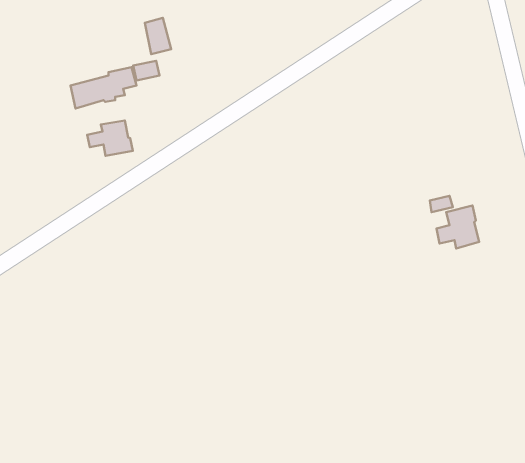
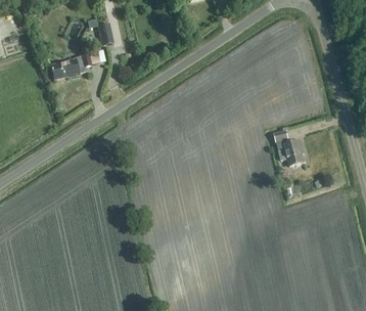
building: [87,121,133,156] -> none

